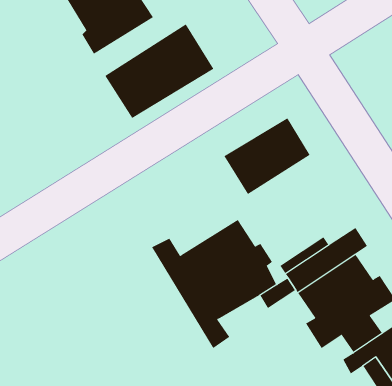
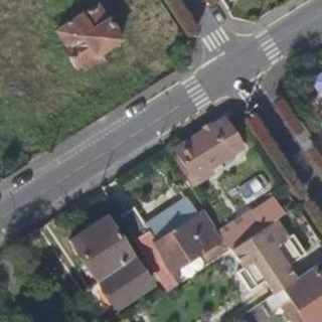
building: [104,24,214,119] -> none
building: none -> [69,214,149,307]

